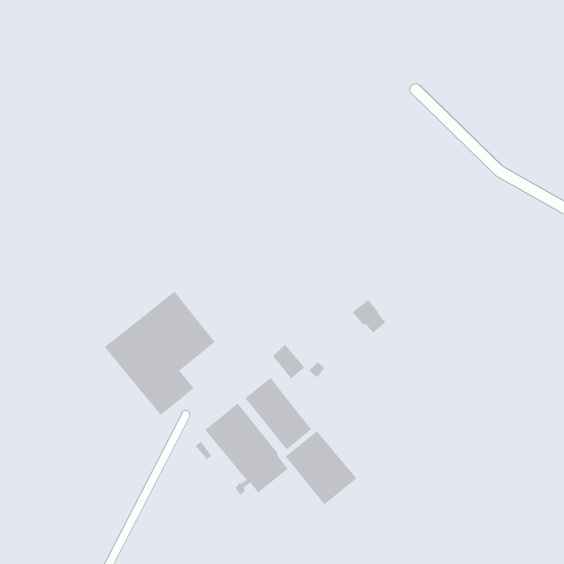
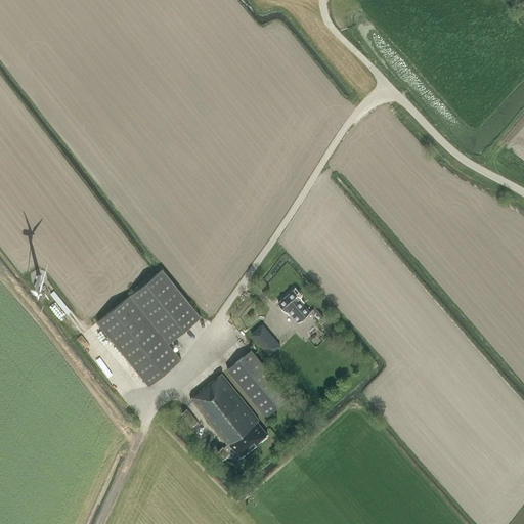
building: [352,299,386,333] -> [277,291,309,322]
building: [285,431,357,505] -> none

